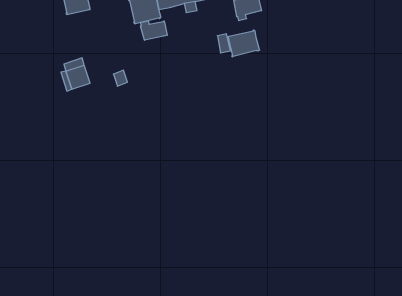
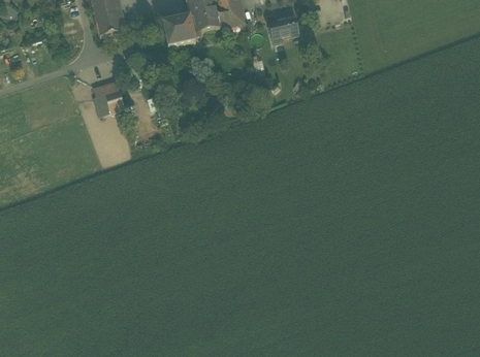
building: [141,21,167,40] -> none
building: [227,30,260,57] -> none

